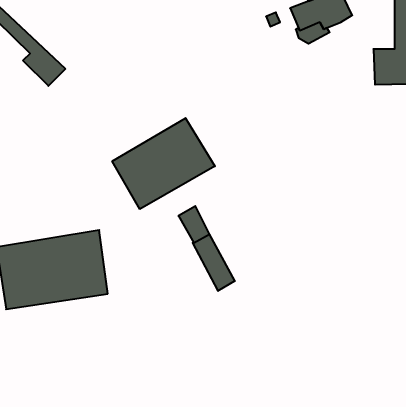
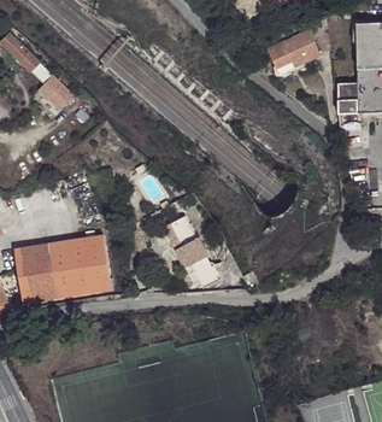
building: [112,118,215,209] -> none

